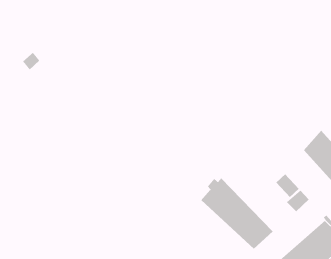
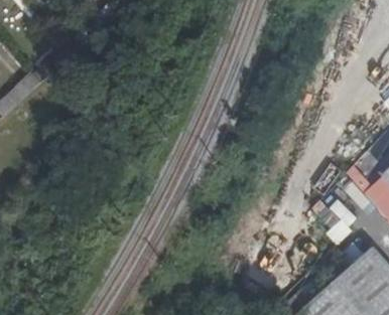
building: [200,178,273,249] -> none

